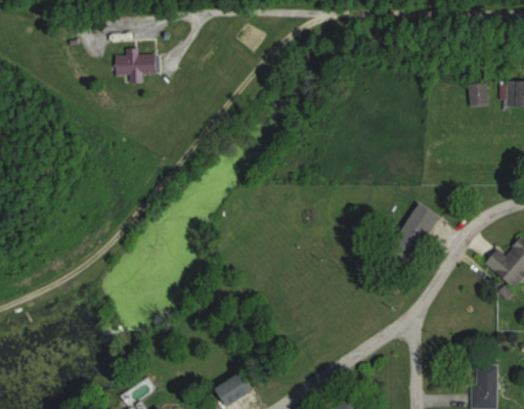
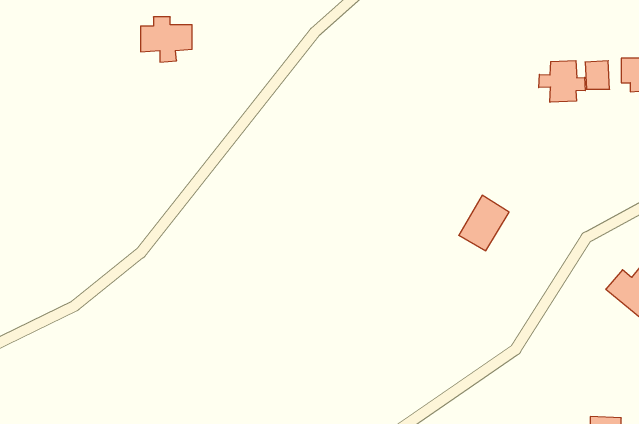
building: none -> [539,61,585,102]
building: [399,202,439,246] -> [459,195,509,251]

